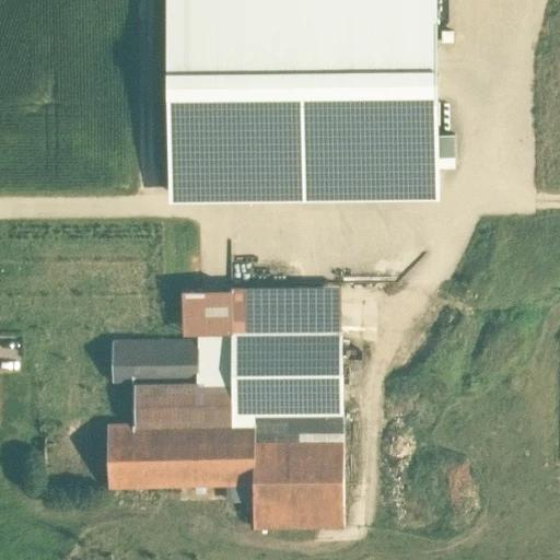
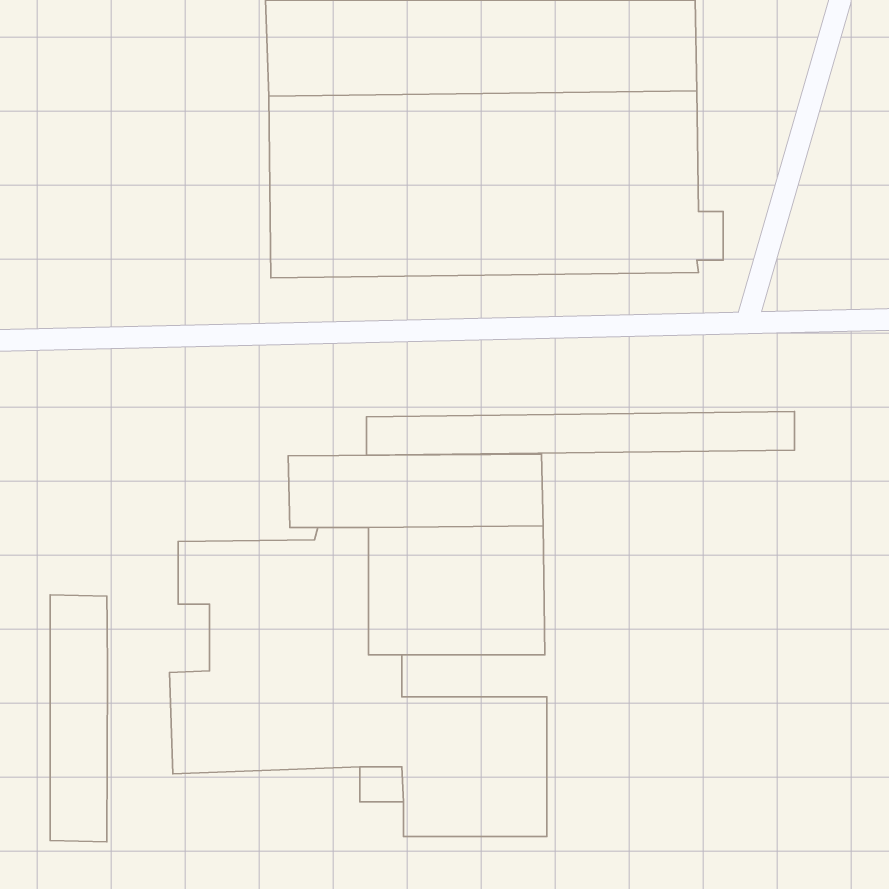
building: [170,173,438,200] -> [367,412,794,455]
building: none -> [50,595,107,842]
building: [252,412,342,439] -> none

